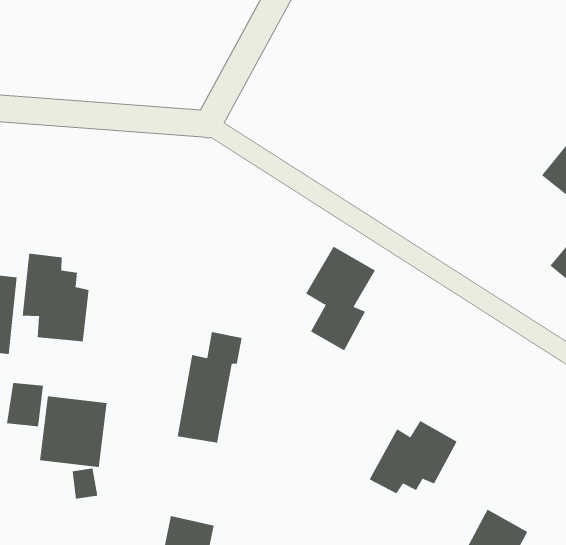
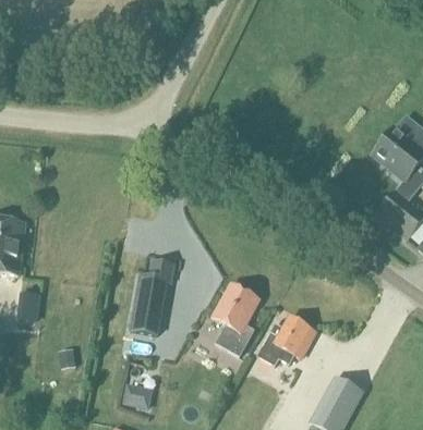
building: [305,246,376,351] -> [213,284,259,354]
building: [22,253,89,342] -> none
building: [40,395,107,468] -> none

